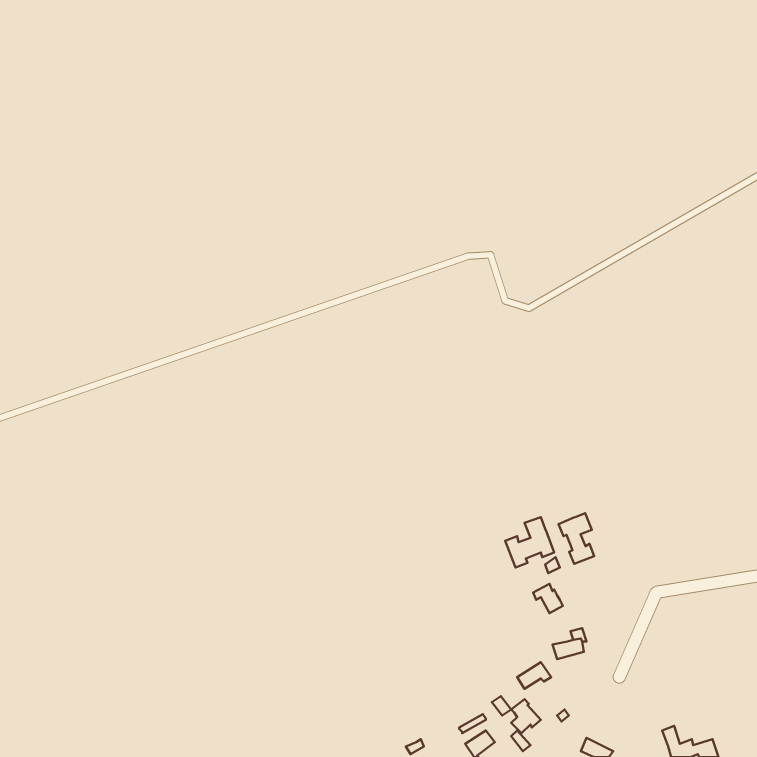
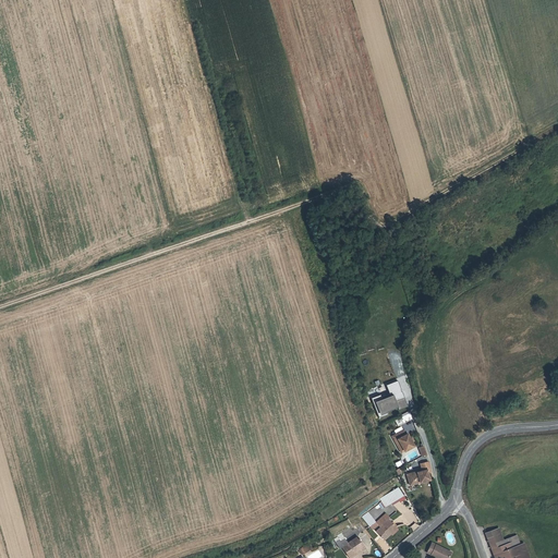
building: [559,513,594,564] -> none

